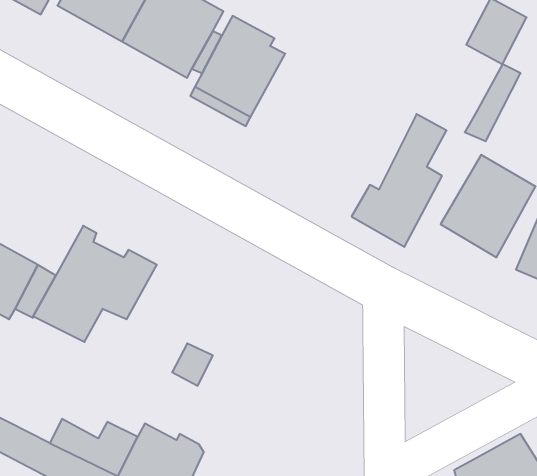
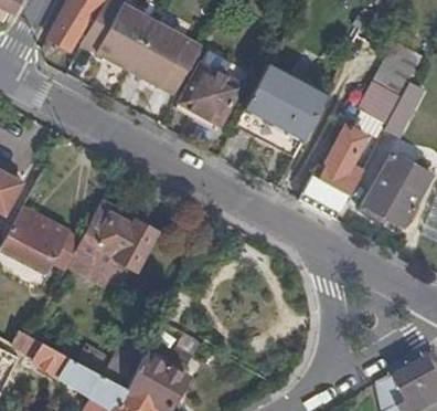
building: none -> [236,64,327,155]
building: none -> [364,71,408,119]

